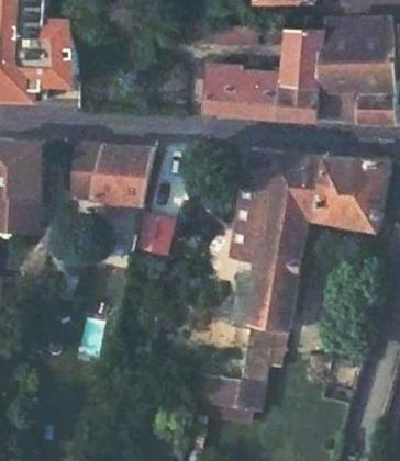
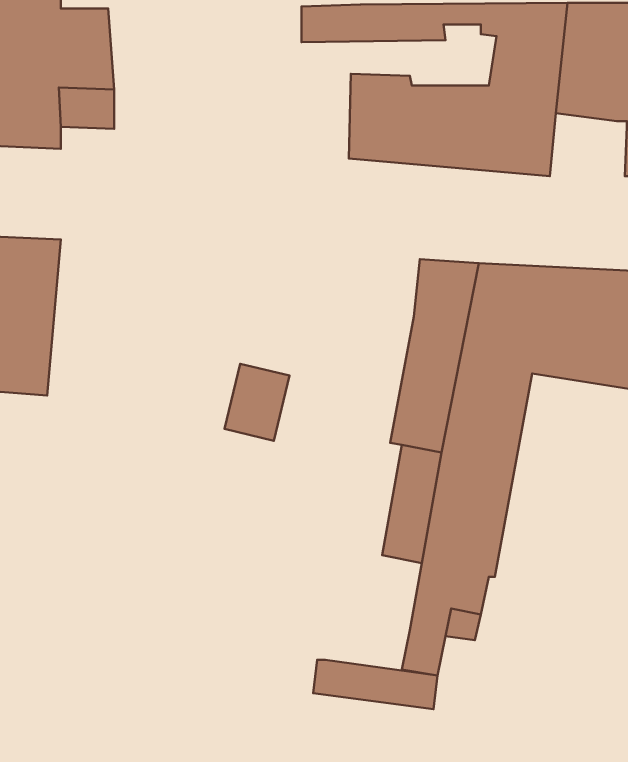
building: [316,78,354,113] -> none
building: [74,150,153,218] -> none

